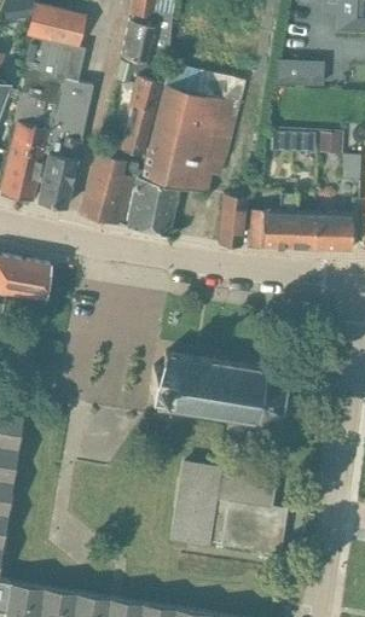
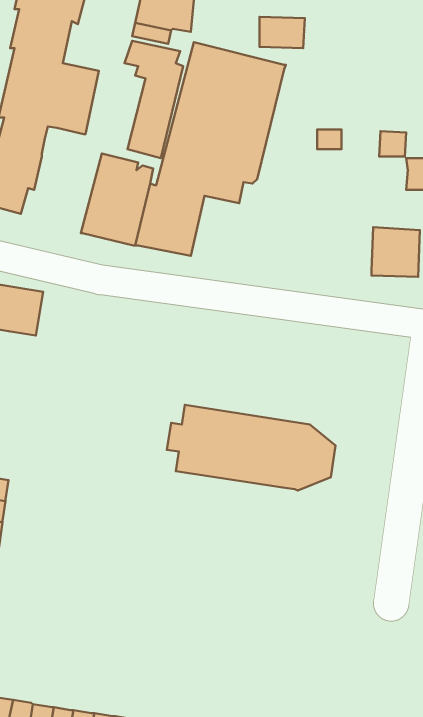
building: [277,60,313,86] -> [260,17,305,48]
building: [39,132,83,209] -> none
building: [220,187,248,248] -> none
building: [249,193,315,250] -> none
building: [174,420,300,559] -> none

